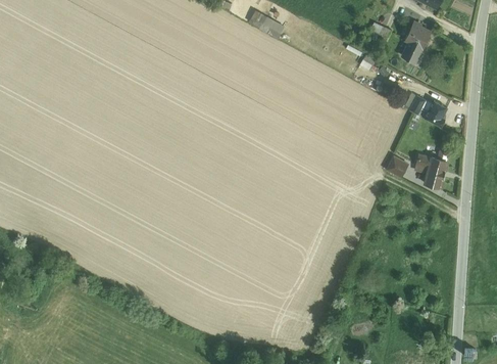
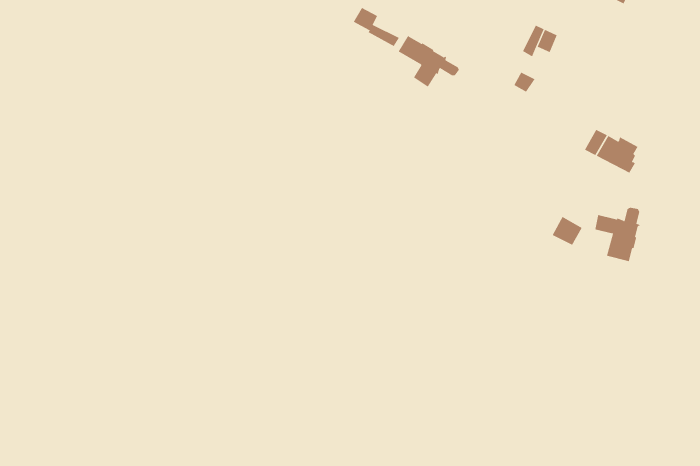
building: [401,22,431,62] -> none
building: none -> [398,35,460,87]

